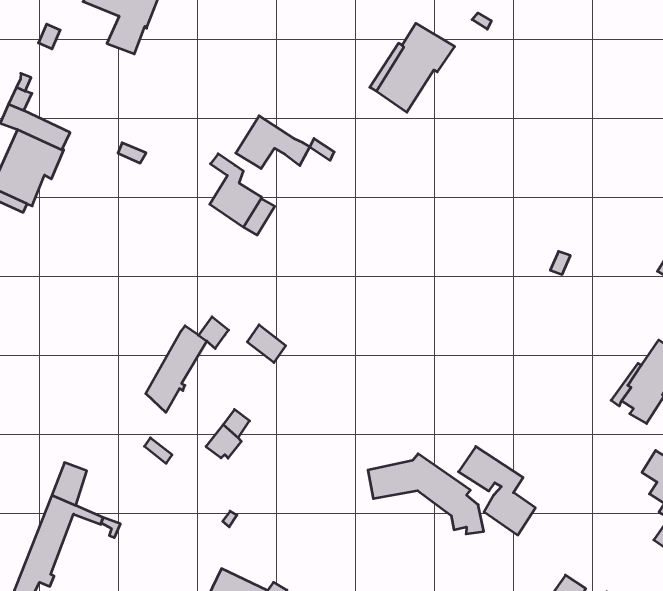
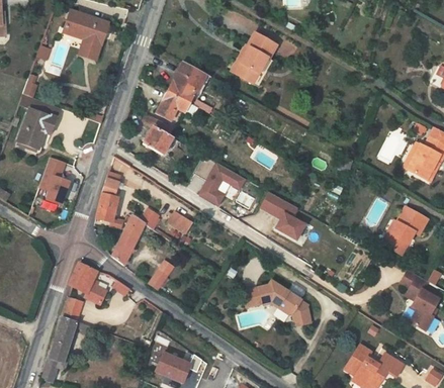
building: none -> [168,61,207,103]
building: none -> [38,158,69,206]
building: none -> [194,157,246,205]
building: none -> [95,172,119,222]
building: none -> [68,262,106,304]
building: [458,446,535,535] -> [259,191,304,240]

